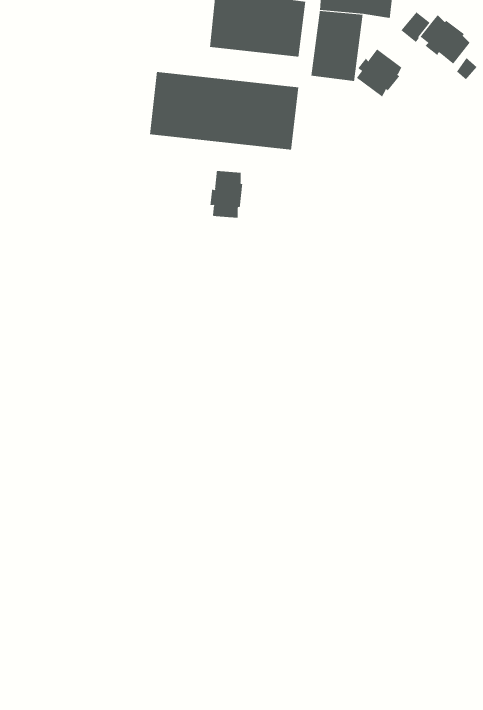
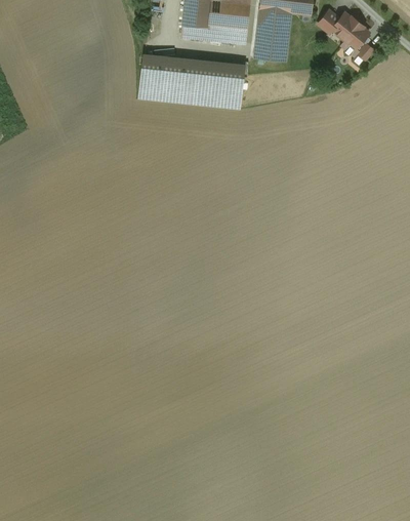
building: [355,48,402,98] -> none
building: [210,170,243,219] -> none

